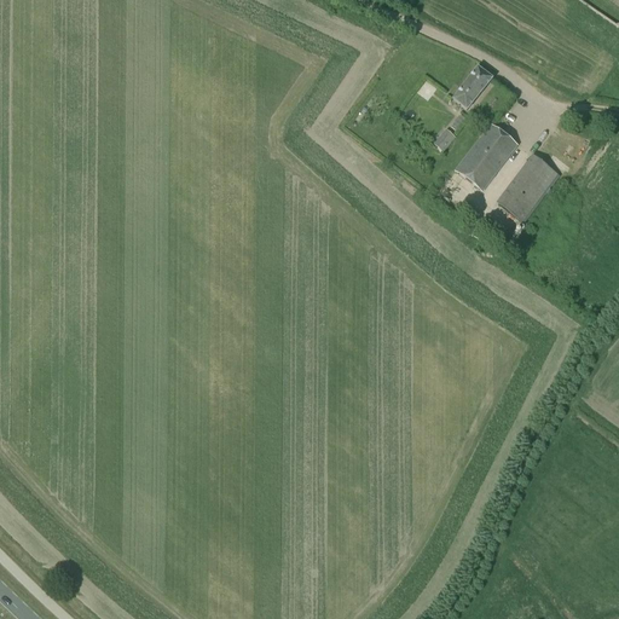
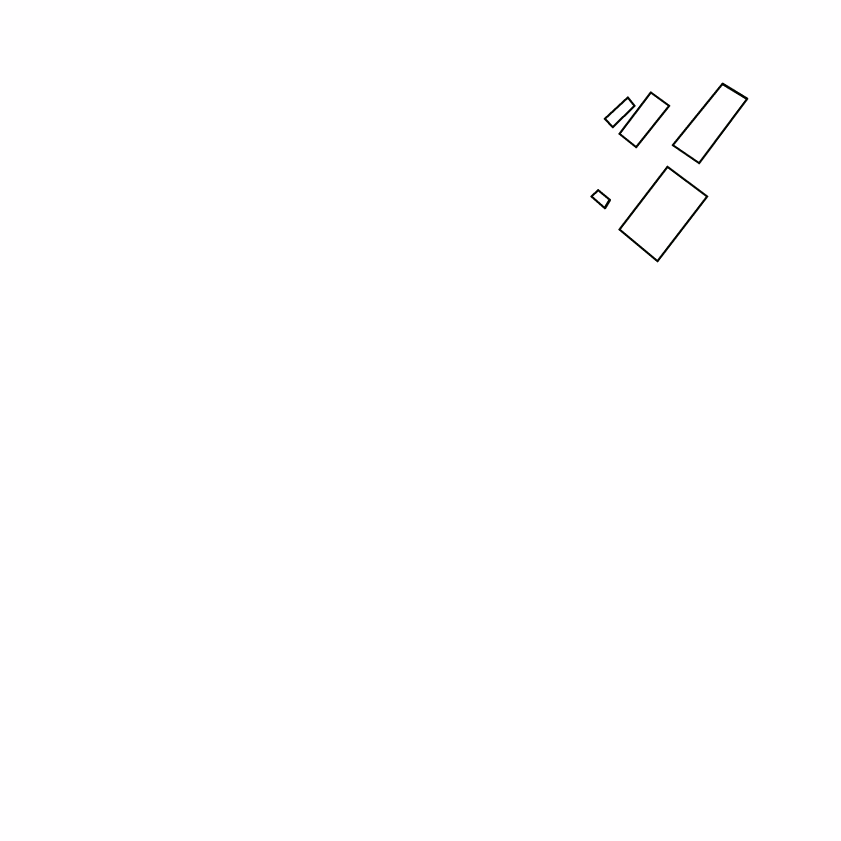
building: [498,158,553,216] -> [673,84,747,163]

